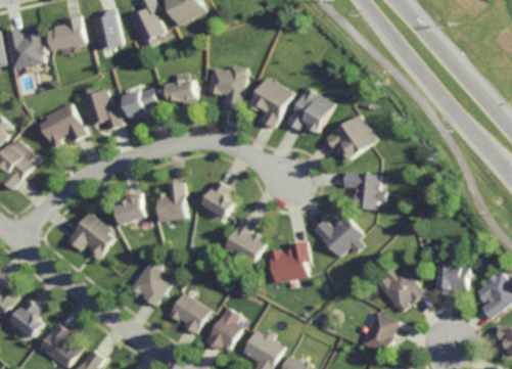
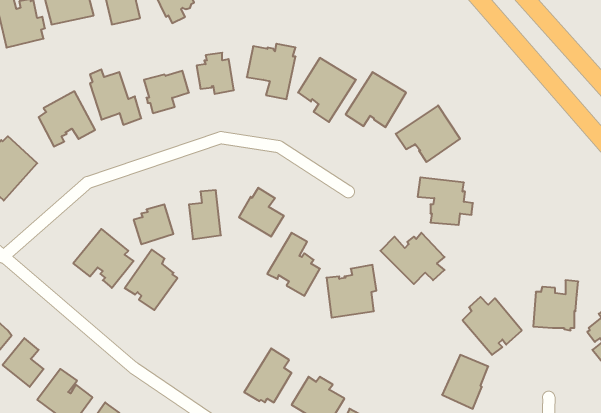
building: [132,259,174,307] -> [125,250,177,310]
building: [167,293,208,334] -> none

